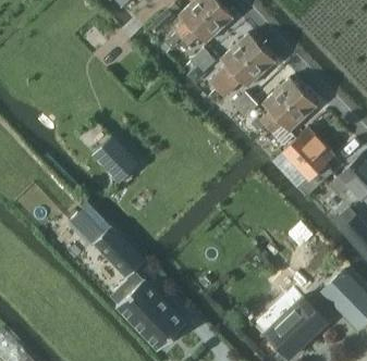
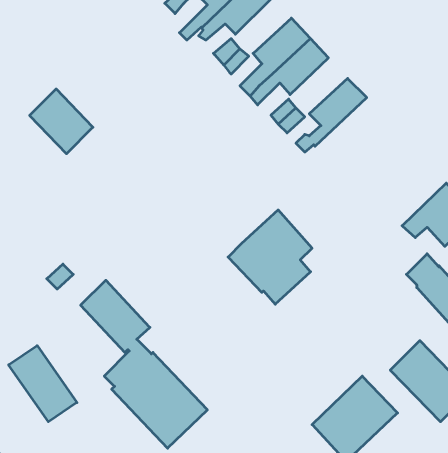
building: [267,90,318,134] -> none
building: [273,125,335,195] -> [228,210,312,304]
building: [93,135,139,183] -> [30,89,93,154]
building: none -> [9,346,77,422]

